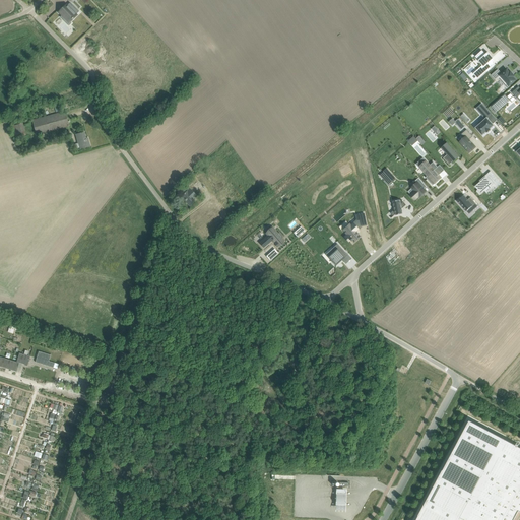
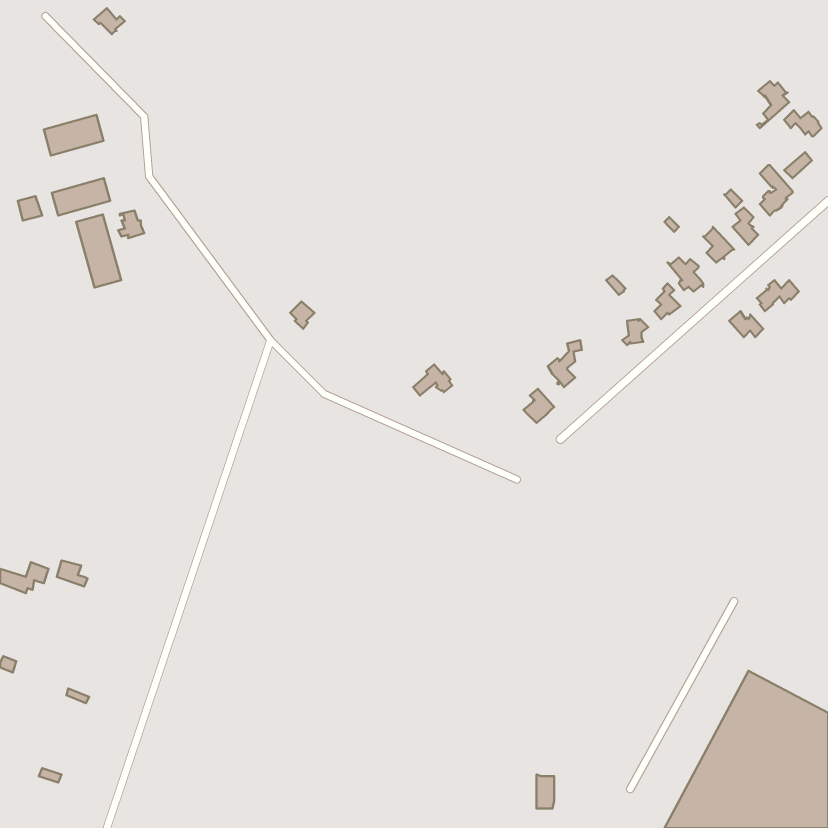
building: none -> [44,115,104,155]
building: none -> [76,214,121,287]

